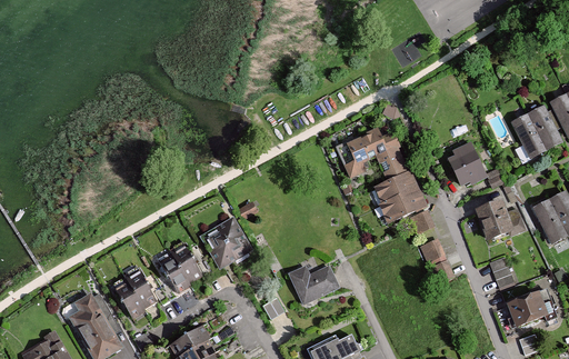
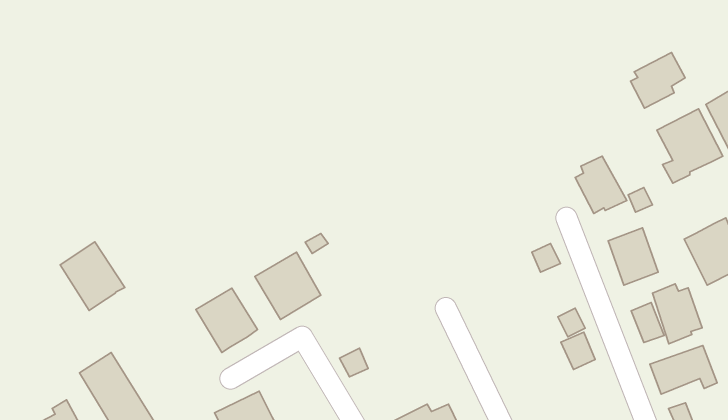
building: none -> [630,52,685,108]
building: [345,130,428,222] -> none
building: [421,237,448,266] -> [561,332,595,369]
building: none -> [652,284,702,344]
building: [288,265,339,305] -> none
building: [109,269,159,322] -> [60,242,125,311]

